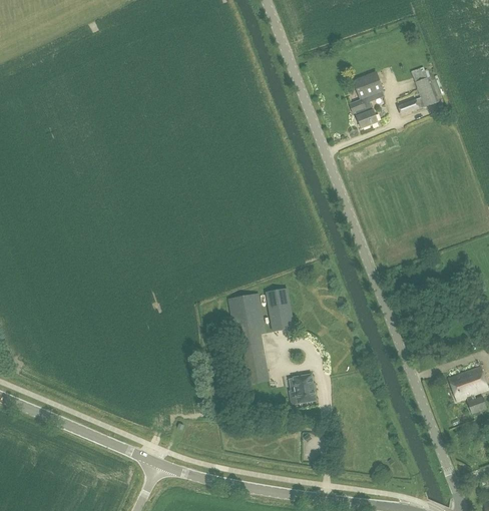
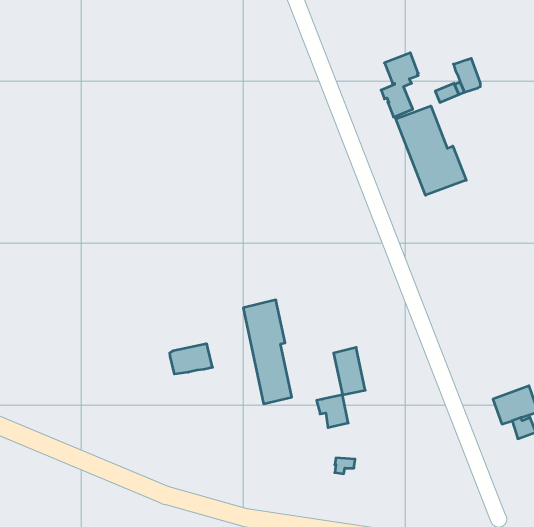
building: none -> [396,106,466,195]
building: [263,285,291,327] -> [334,347,365,395]
building: none -> [170,344,213,374]

